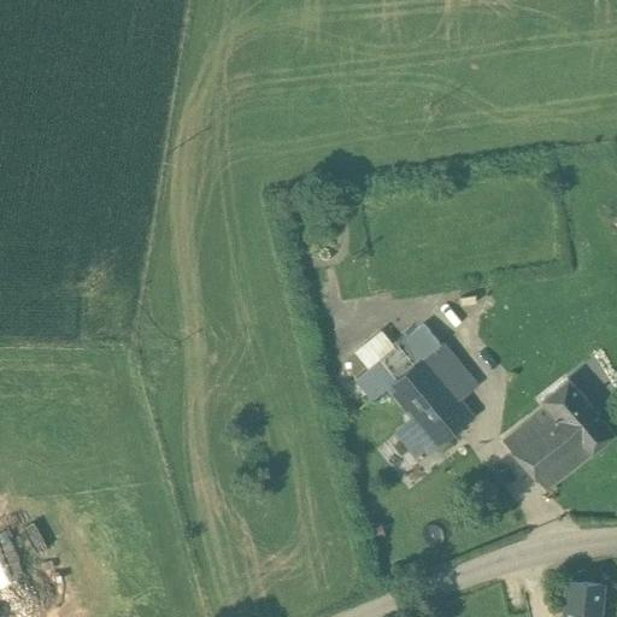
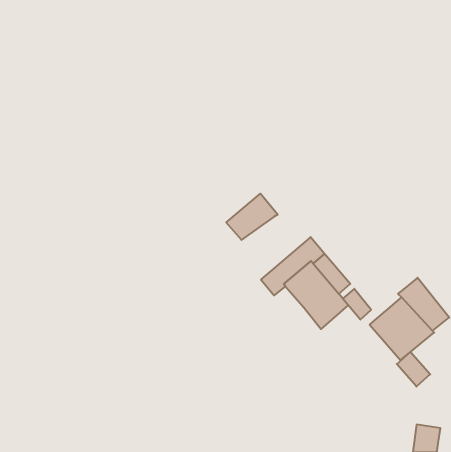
building: none -> [226,194,278,240]
building: [400,419,439,462] -> [343,289,371,320]
building: none -> [397,352,430,387]

